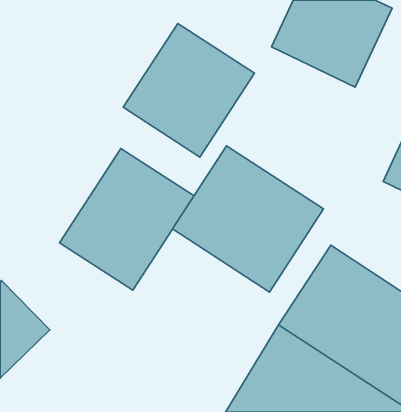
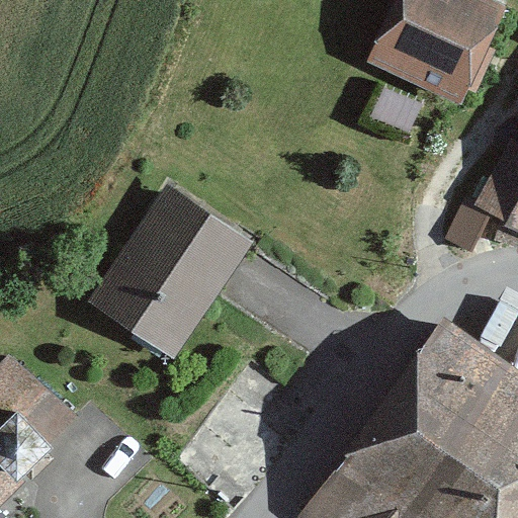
building: [123,23,254,157] -> none
building: [173,146,324,292] -> none

